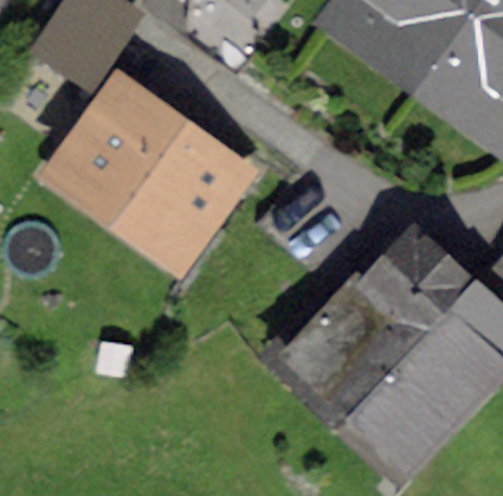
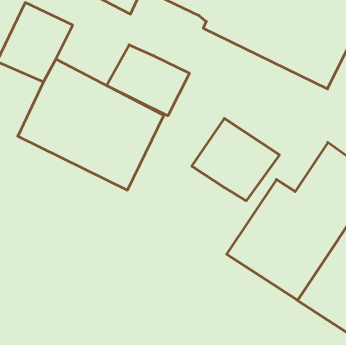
building: none -> [106,45,189,116]
building: none -> [192,118,279,201]

